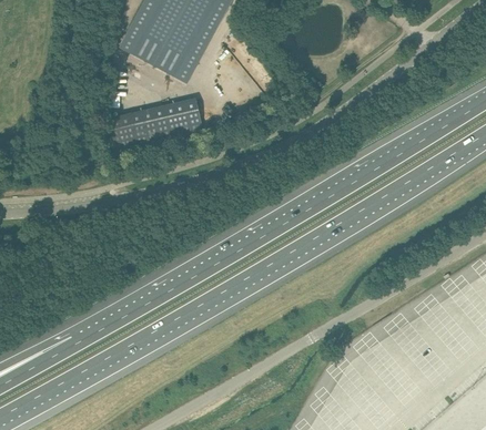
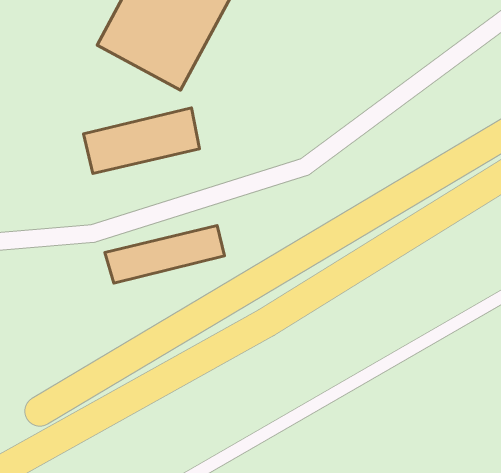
building: none -> [105,226,224,283]

